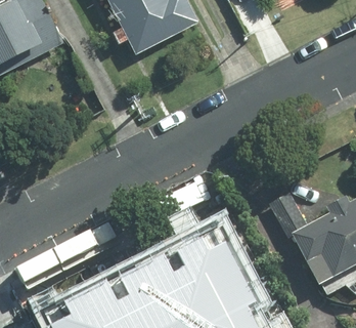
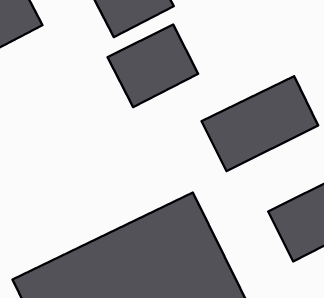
building: none -> [107,24,198,107]
building: none -> [202,76,318,171]

